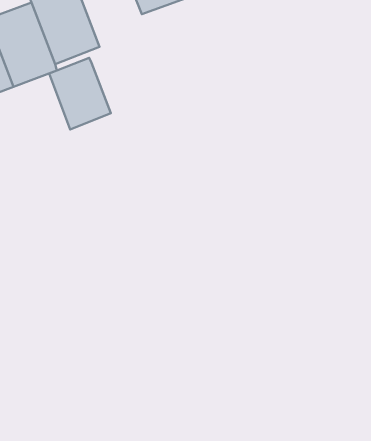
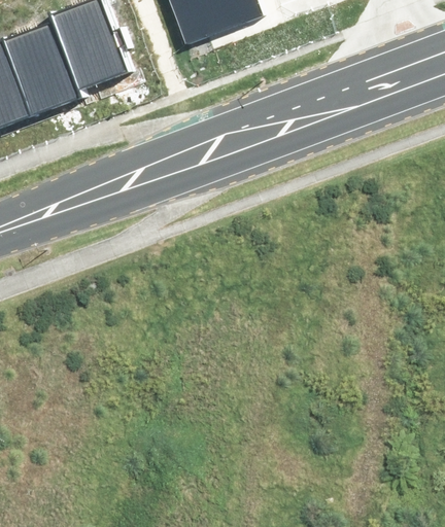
building: [49,58,111,129] -> none

